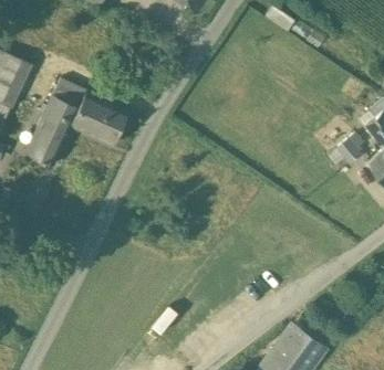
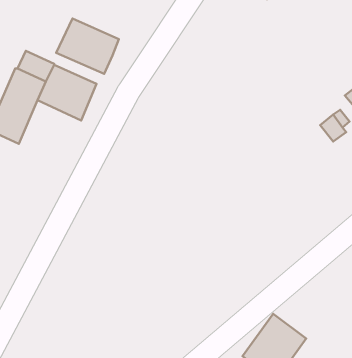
building: none -> [56,19,119,74]

